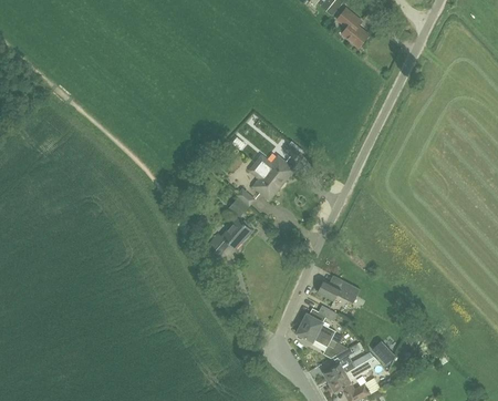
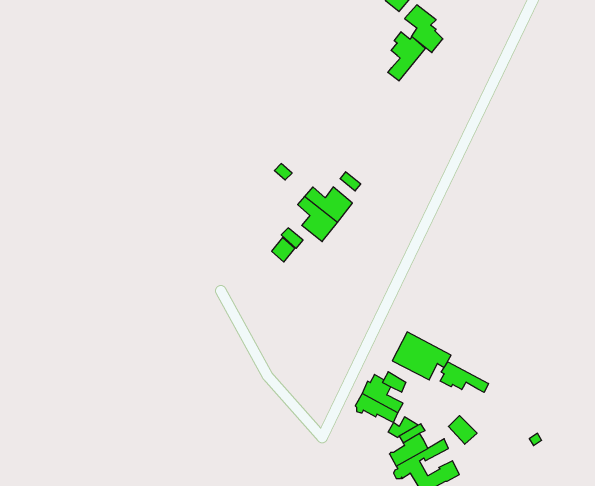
building: none -> [388,32,425,81]
building: [207,217,250,255] -> none
building: none -> [440,362,488,392]

